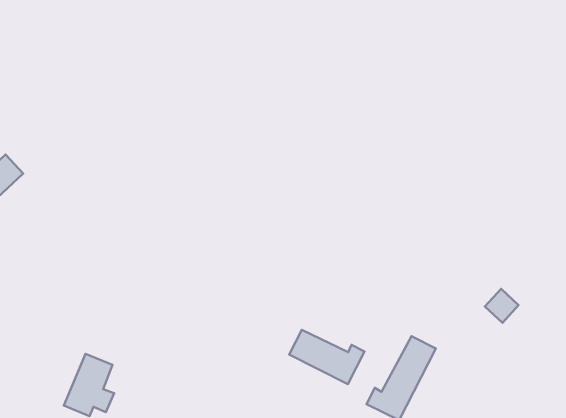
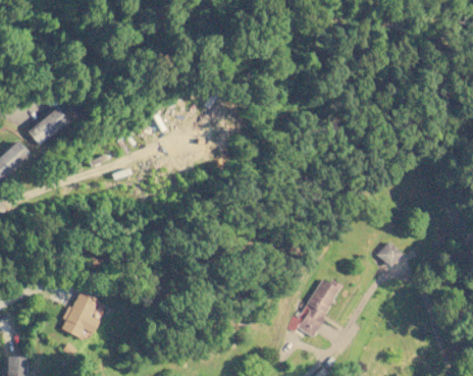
building: none -> [27,107,68,146]
building: [289,330,365,384] -> none

